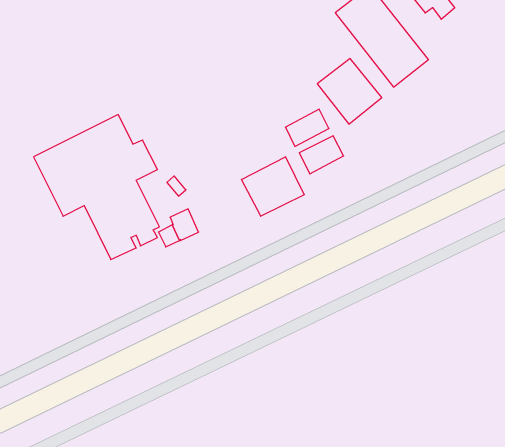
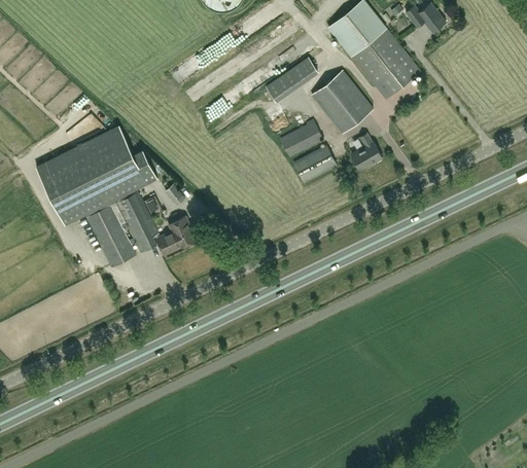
building: none -> [265,57,317,100]
building: none -> [350,134,382,171]
building: [241,157,304,216] -> none

